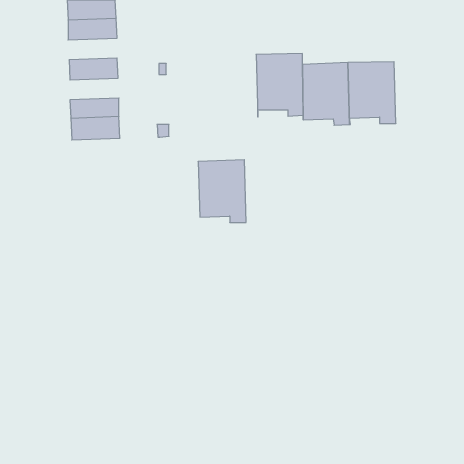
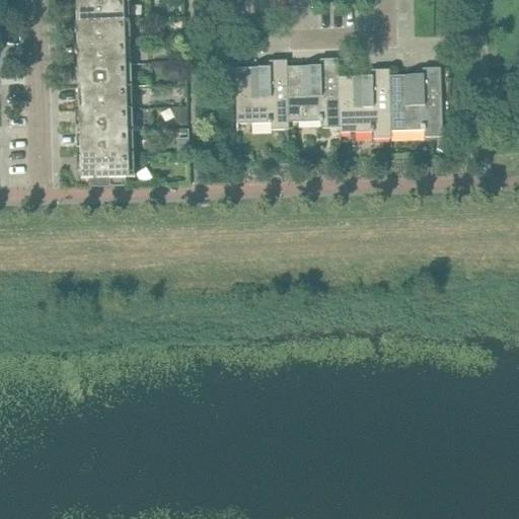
building: none -> [76,43,131,67]
building: none -> [78,87,133,112]
building: none -> [80,154,135,188]
building: [198,160,246,222] -> [234,61,288,131]

